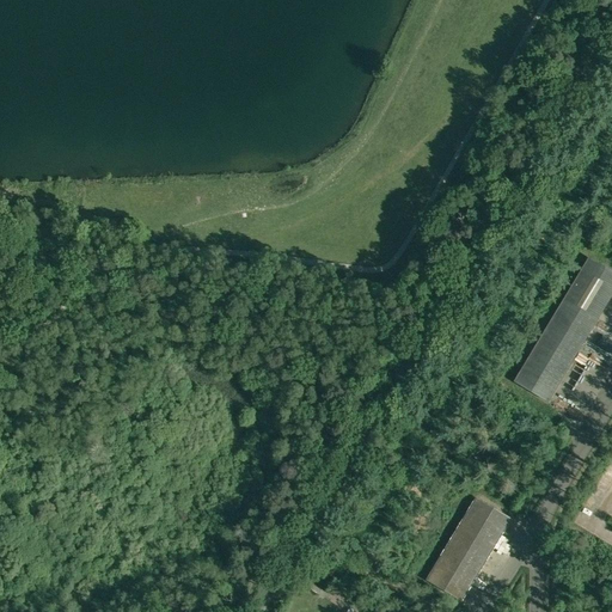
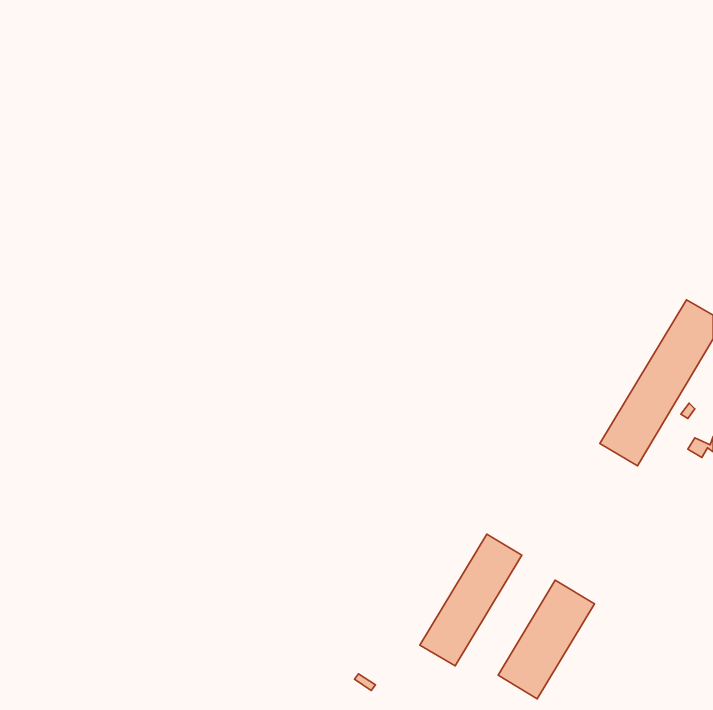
building: none -> [420,534,522,666]

